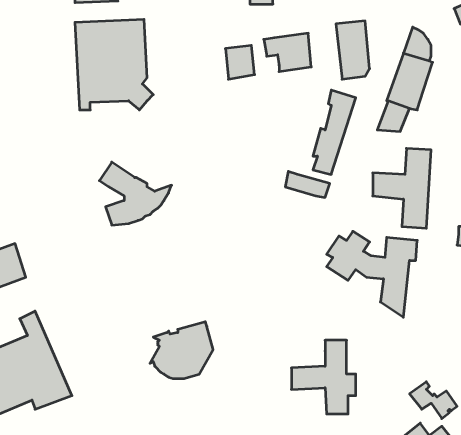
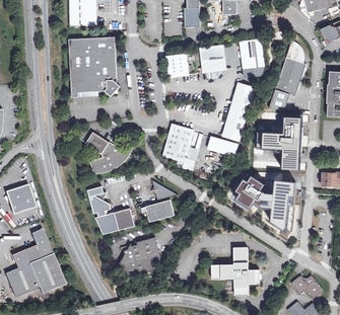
building: none -> [164,124,199,170]
building: none -> [144,178,178,221]
building: none -> [88,190,134,233]

